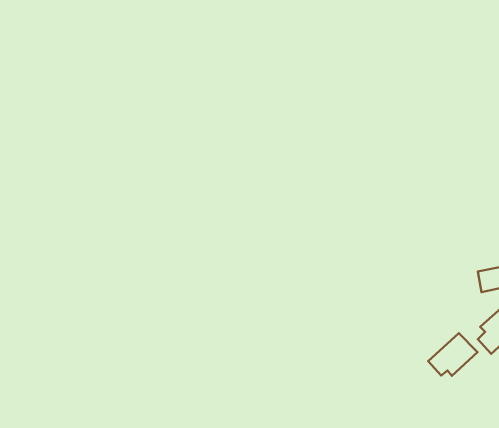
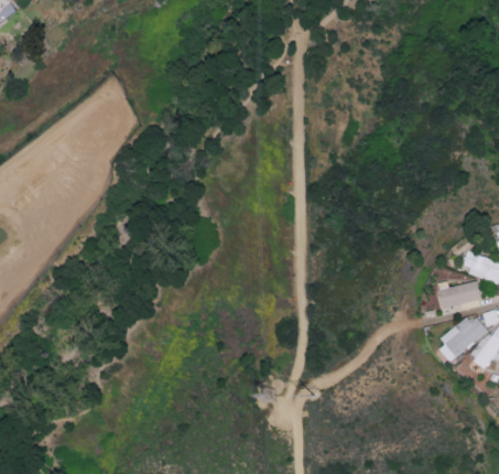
building: [428,333,477,376] -> none

